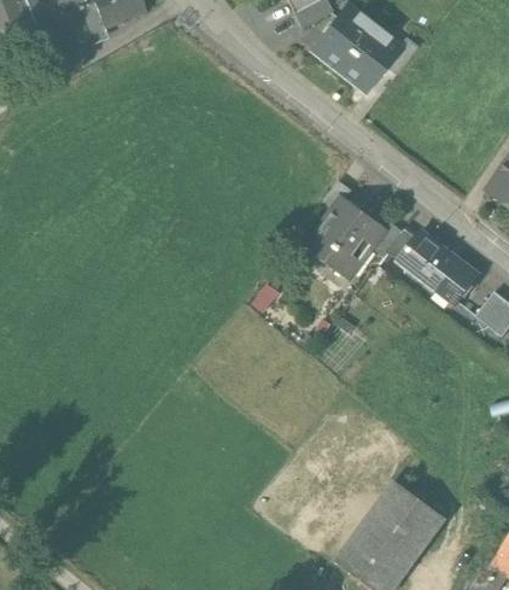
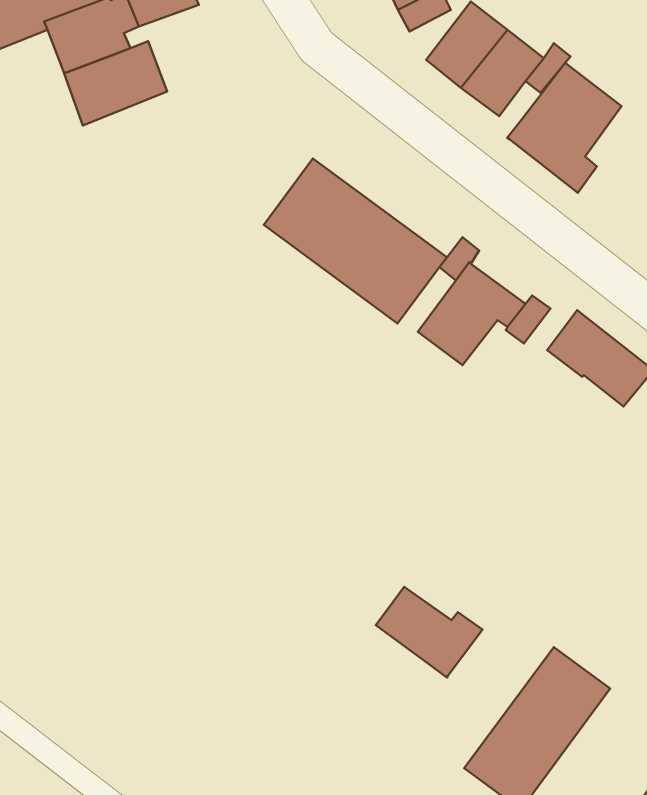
building: none -> [64,41,167,125]
building: none -> [507,63,622,193]
building: none -> [264,159,447,323]
building: none -> [376,587,483,678]

